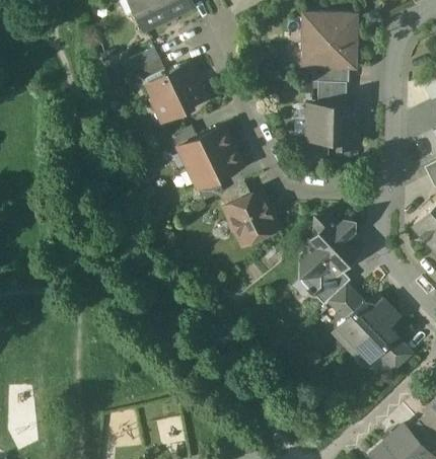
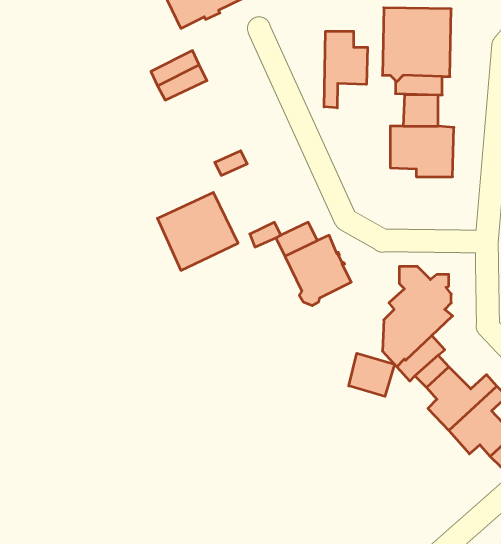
building: none -> [324,31,368,108]
building: [149,64,203,121] -> none
building: [179,127,242,187] -> [157,192,238,270]
building: none -> [349,353,394,396]

